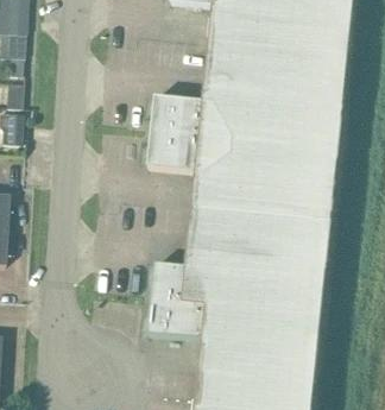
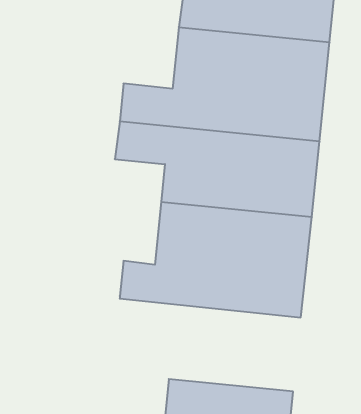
building: [150,298,324,386] -> none

